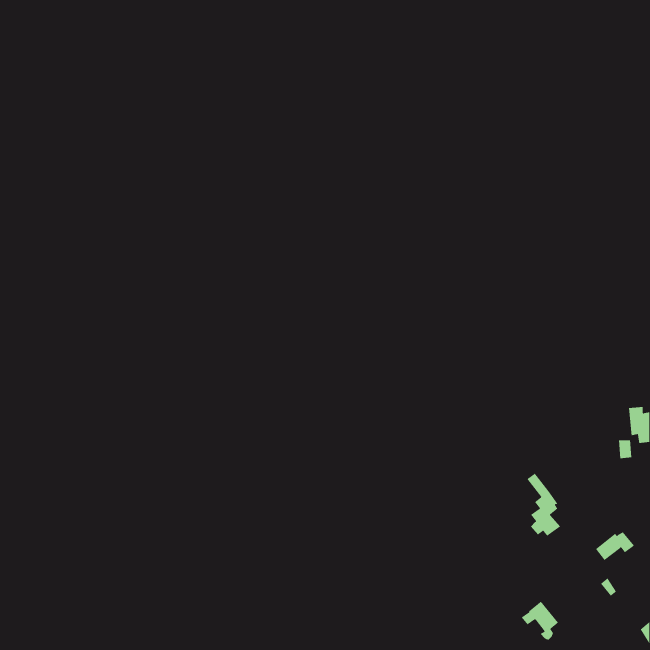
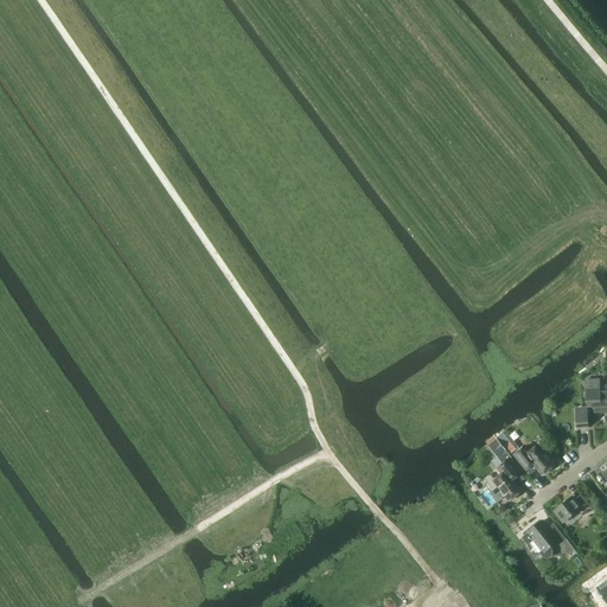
building: none -> [513,445,554,474]
building: [521,601,559,640] -> [522,520,557,557]

